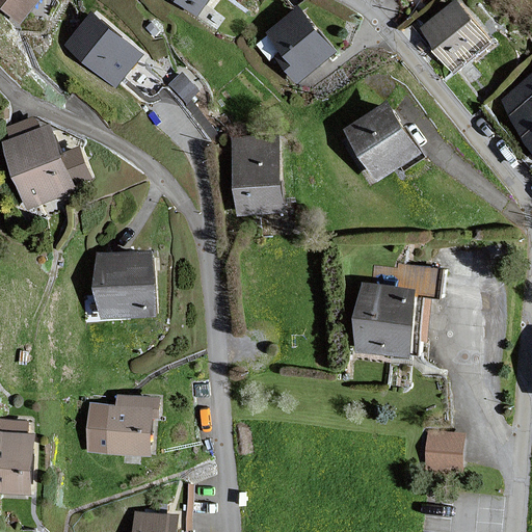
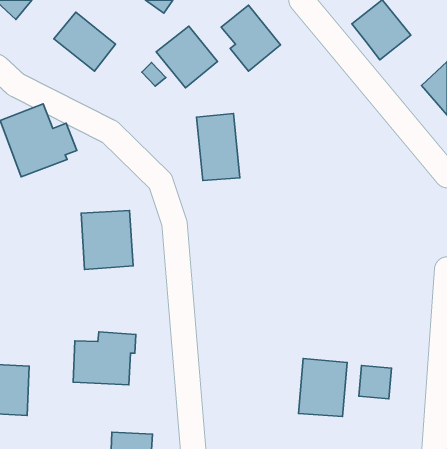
building: none -> [156,26,217,88]
building: [339,102,417,183] -> none
building: [358,262,444,355] -> none
building: none -> [299,359,347,417]

